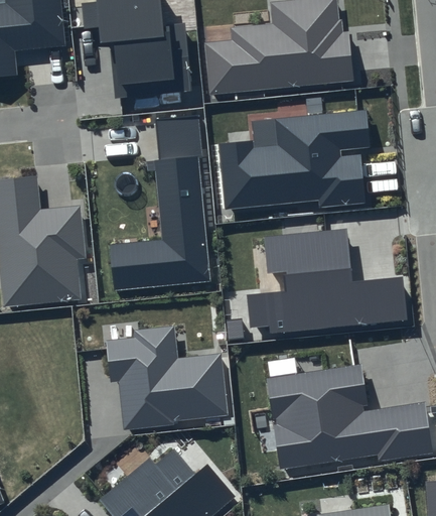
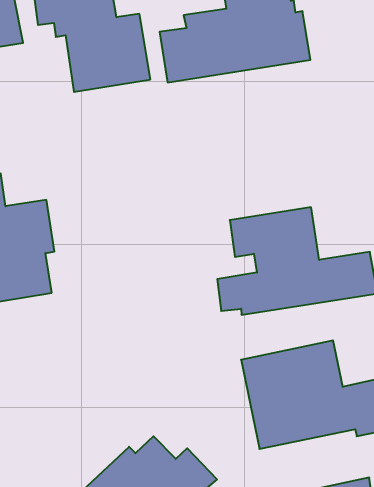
building: [219,110,369,210] -> none
building: [109,115,210,290] -> none
building: [107,326,229,429] -> none

